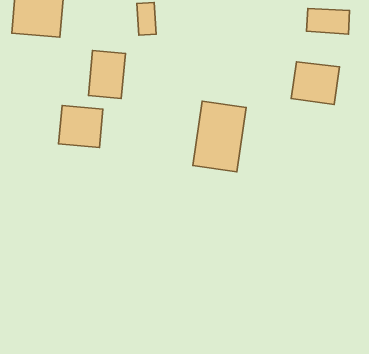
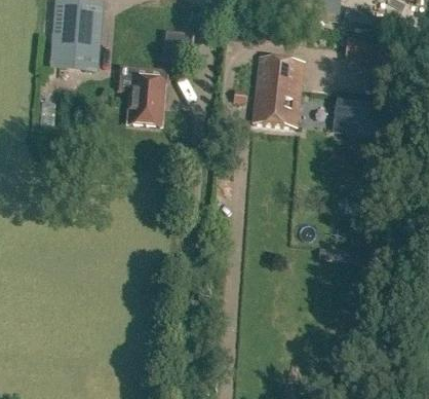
building: [193,101,246,172] -> [251,57,305,128]
building: [59,106,103,148] -> none

